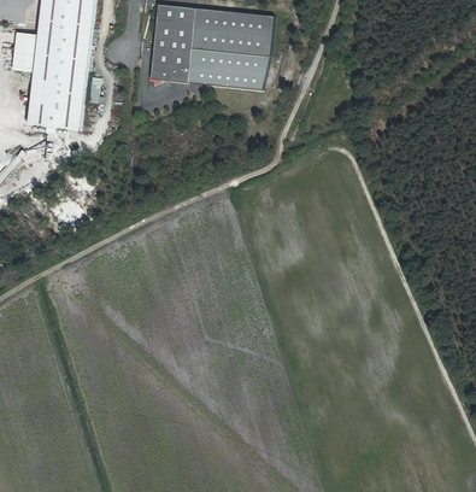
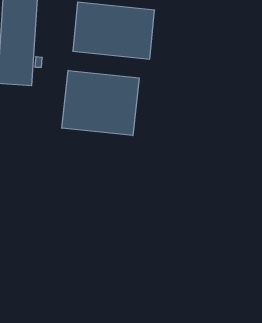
building: none -> [62,70,139,136]

